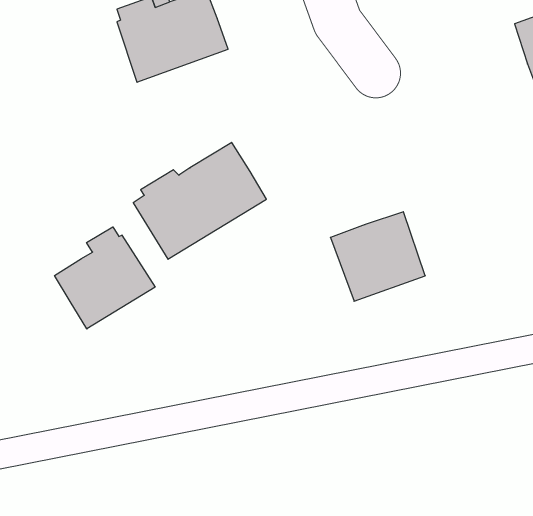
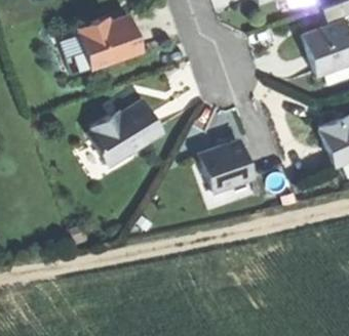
building: [55,227,155,329] -> none

